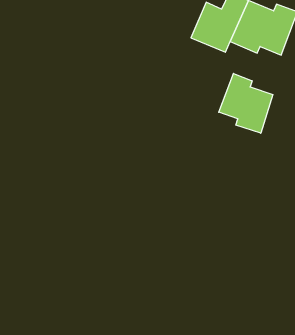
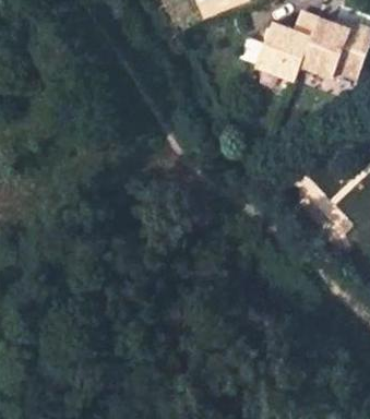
building: [219,73,273,133] -> none

